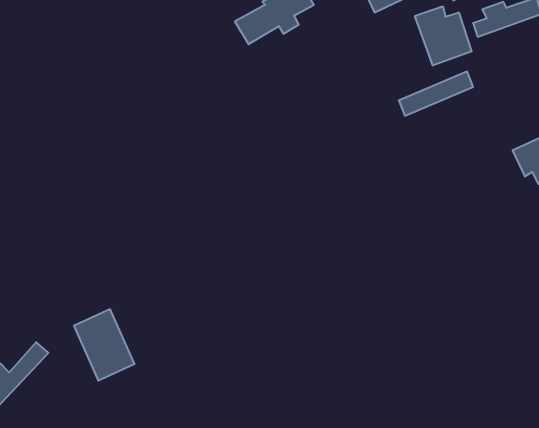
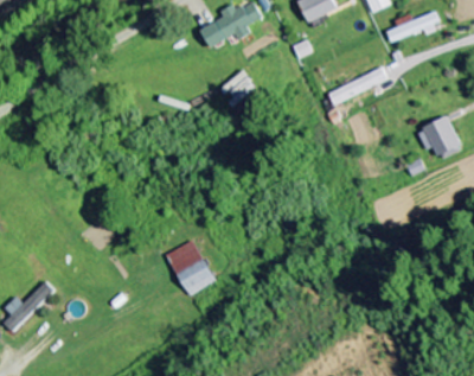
building: [415,6,472,66] -> none
building: none -> [220,71,257,106]
building: [74,309,135,381] -> [167,240,214,295]

